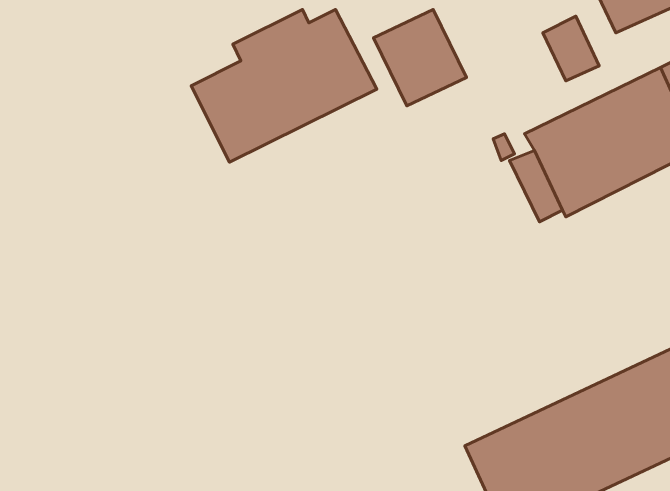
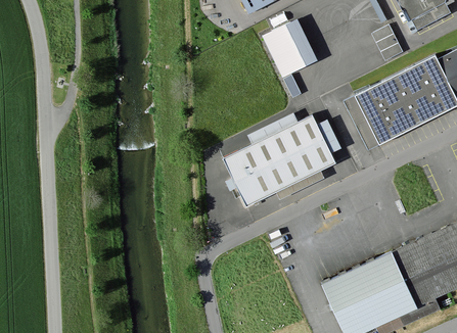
building: [191,9,377,162] -> [229,110,344,204]

